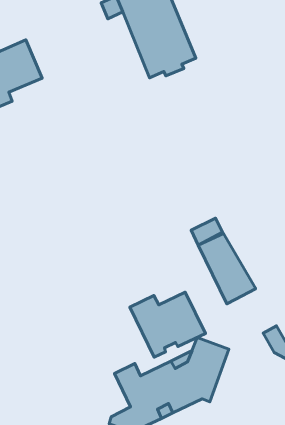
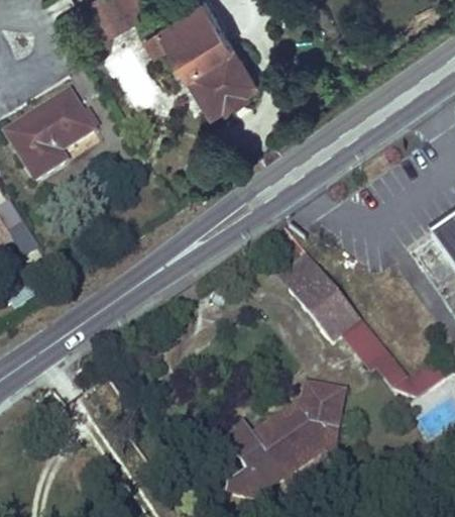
building: none -> [341,319,390,371]
building: [130,292,205,357] -> none

